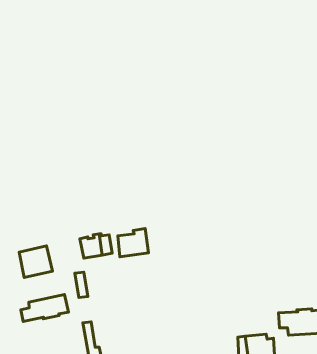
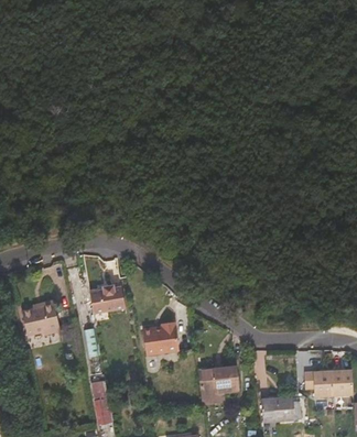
building: [118,229,148,257] -> [143,323,176,353]
building: [21,294,69,322] -> none
building: none -> [198,367,237,402]

